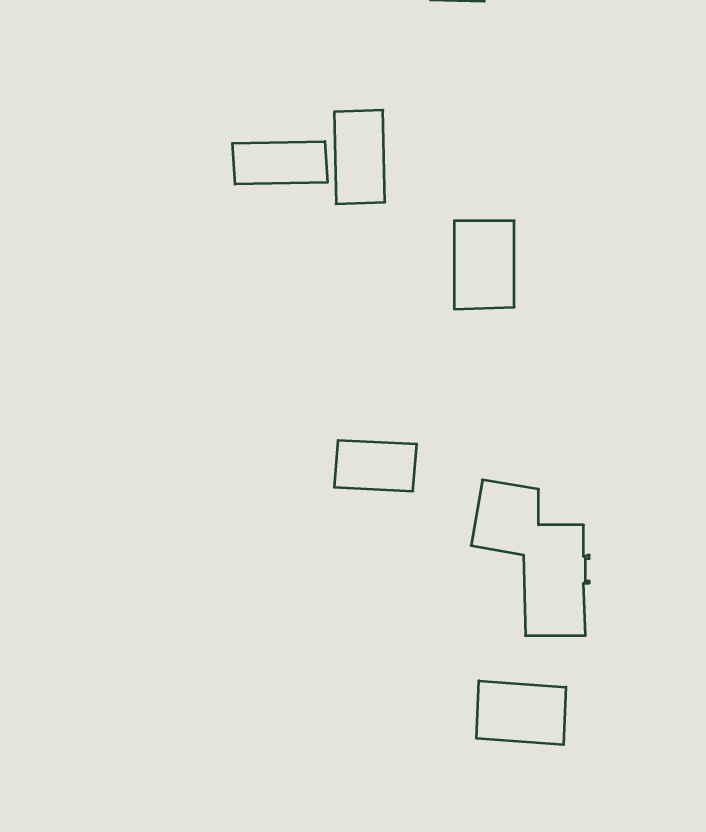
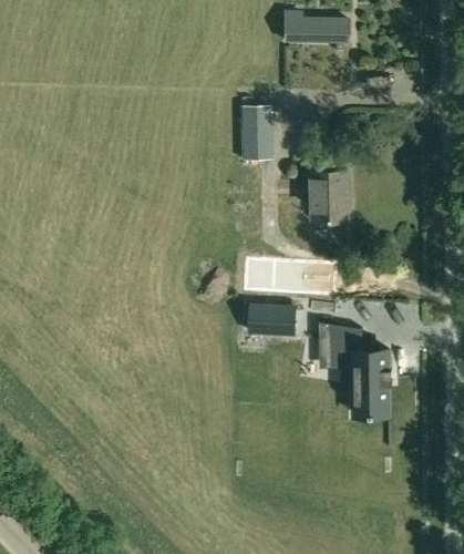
building: [232,141,327,184] -> none
building: [477,681,566,745] -> none

